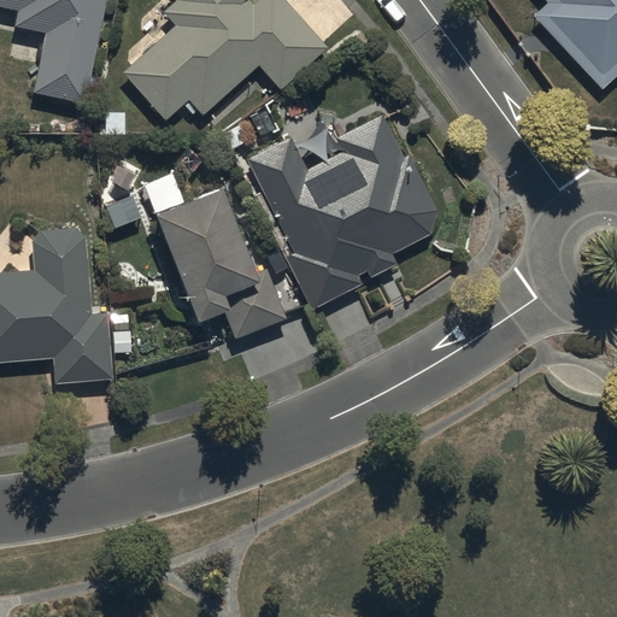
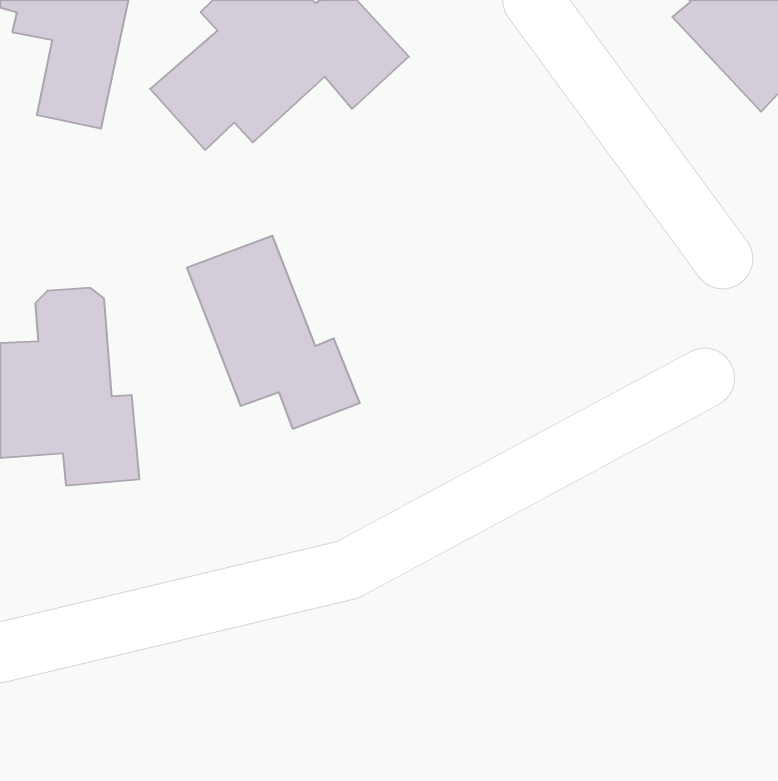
building: [248,113,439,307] -> none

